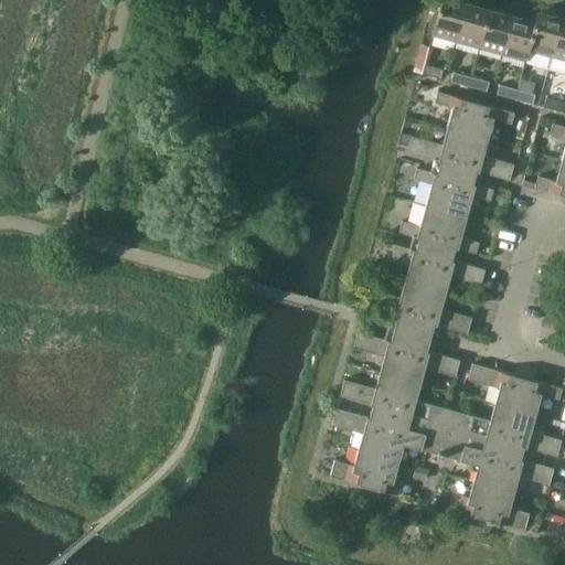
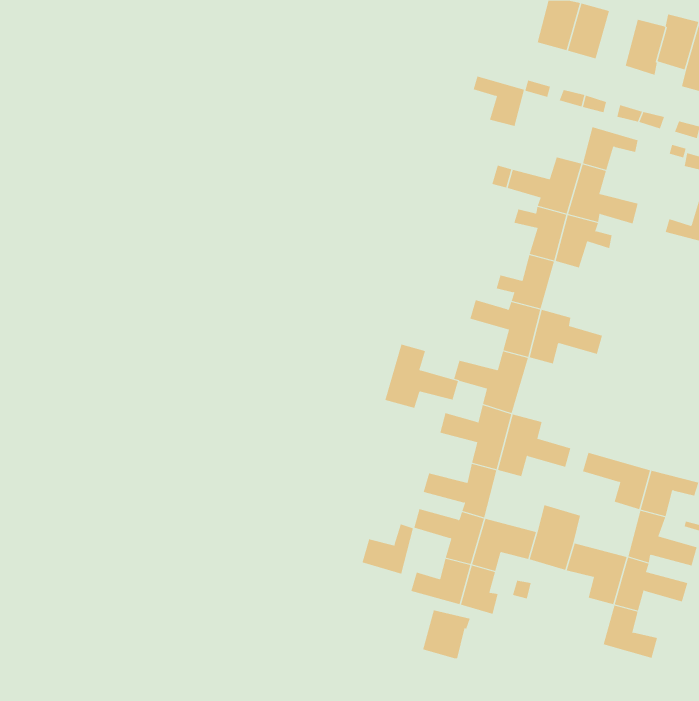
building: [481,10,514,54] -> none
building: [436,92,478,132] -> [473,76,525,127]
building: [437,211,480,256] -> none
building: [414,288,473,340] -> [385,344,459,408]
building: [392,379,439,428] -> none
building: [463,404,516,448] -> none
building: none -> [362,524,413,574]
building: [459,481,495,519] -> none
building: none -> [422,609,471,659]

